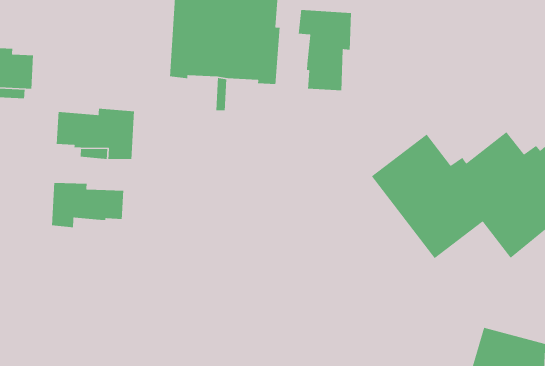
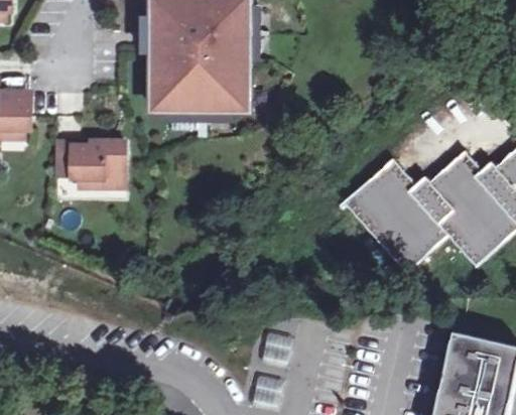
building: [298,9,352,91] -> none
building: [51,182,124,228] -> none

